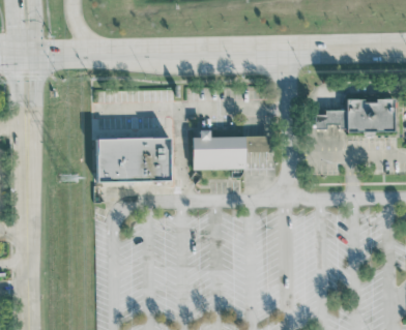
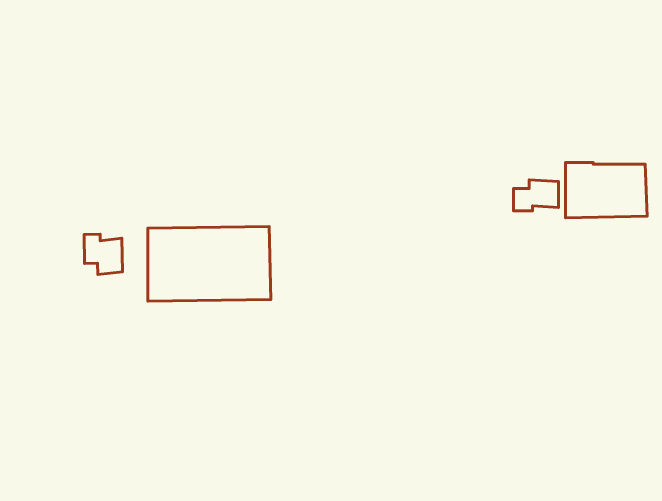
building: [193,128,269,168] -> none
building: none -> [84,234,122,275]

